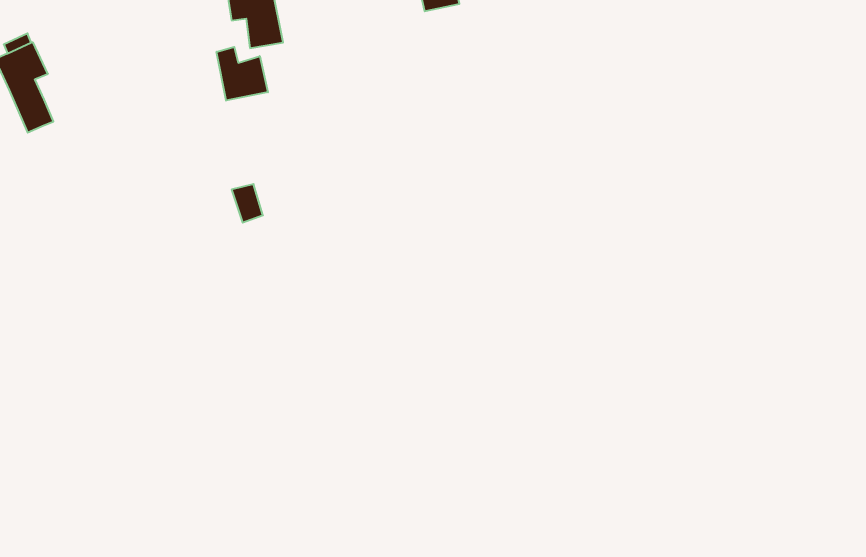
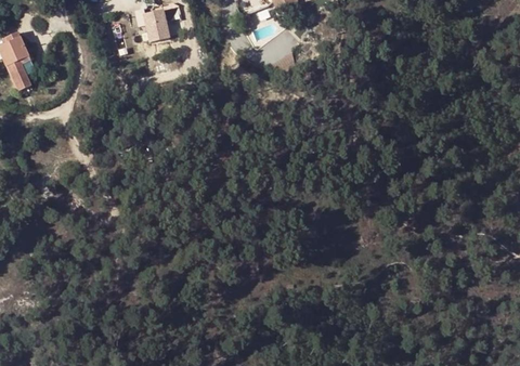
building: [217,47,268,101] -> none

